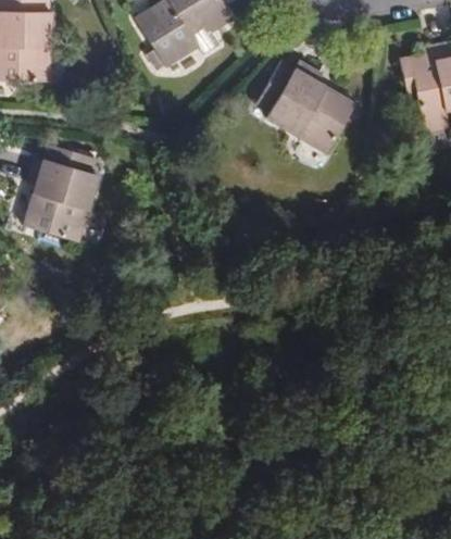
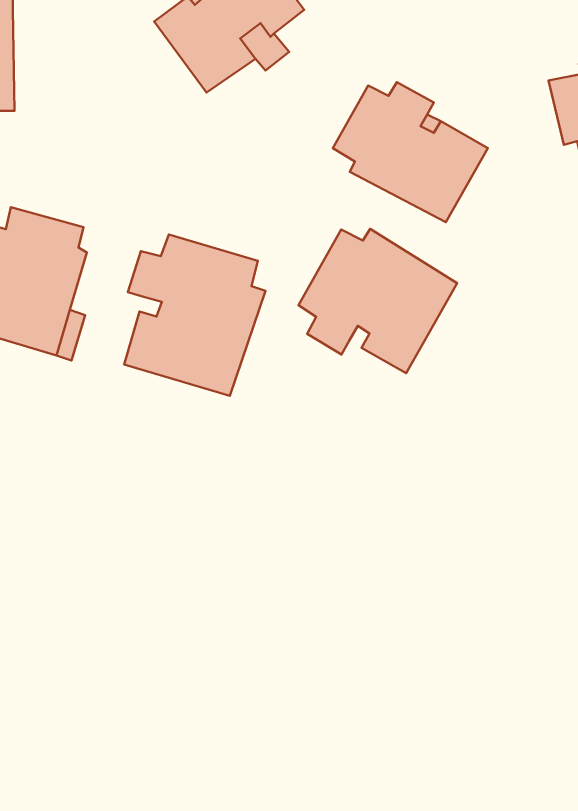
building: none -> [298,229,457,373]
building: none -> [124,235,265,396]

